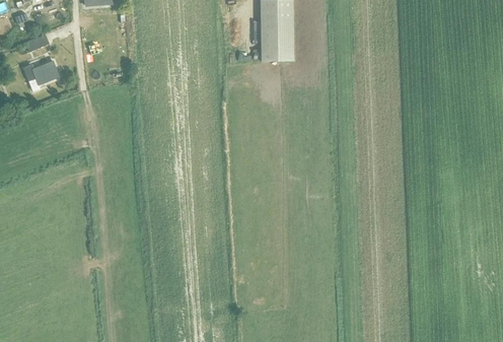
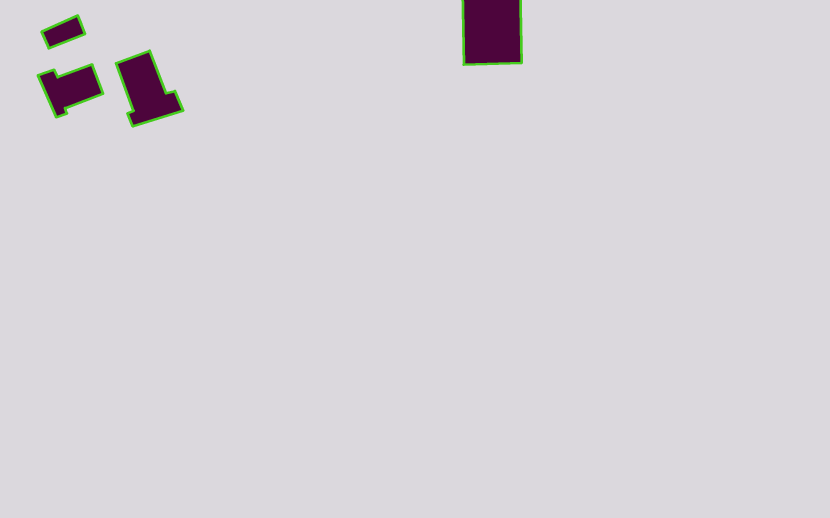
building: none -> [116,51,183,126]

